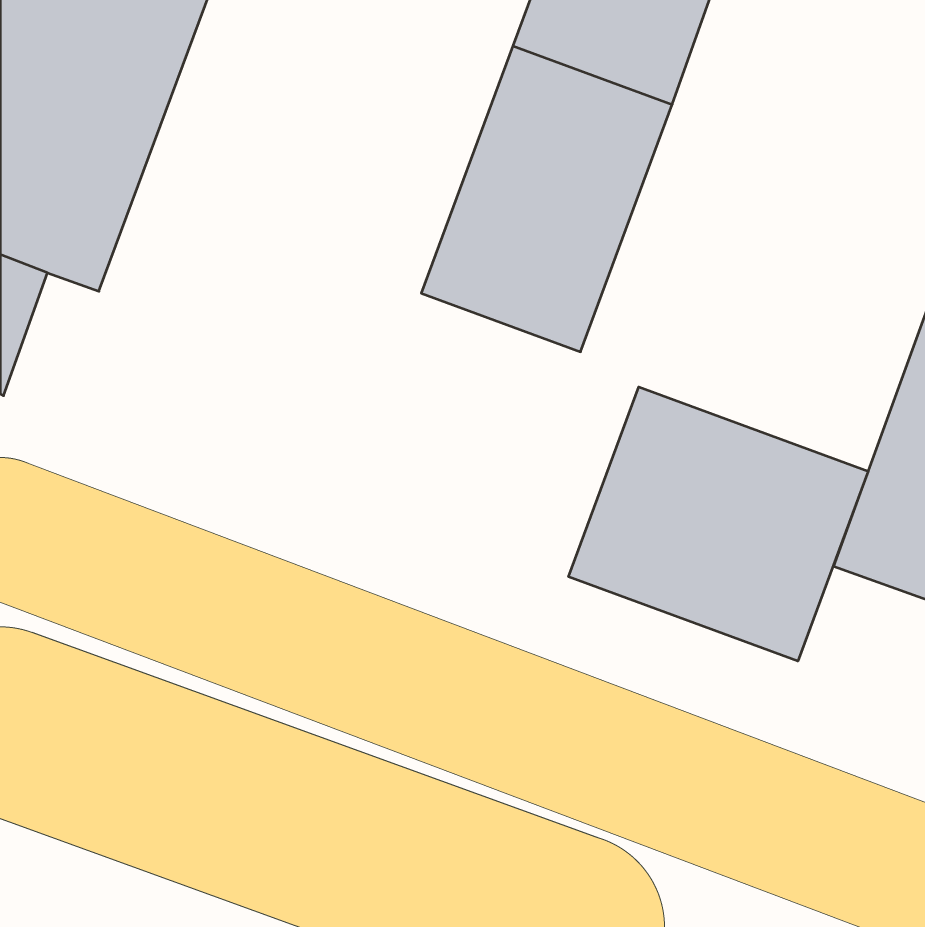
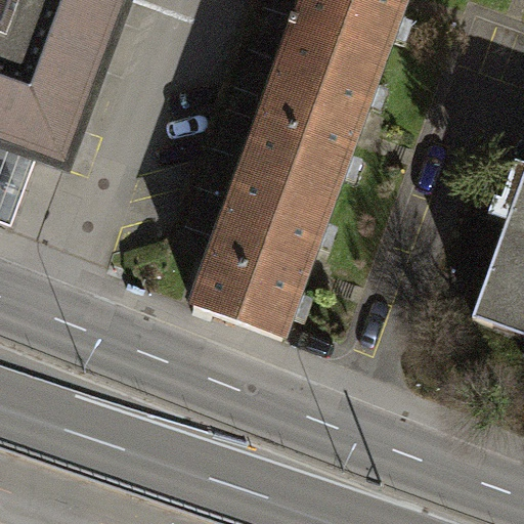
building: none -> [191,164,331,335]
building: [569,387,868,661] -> none

